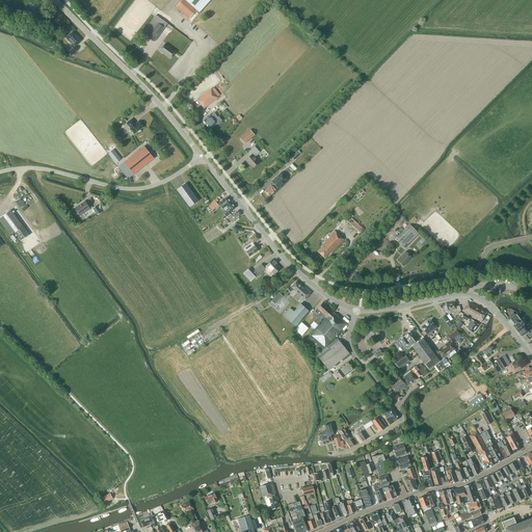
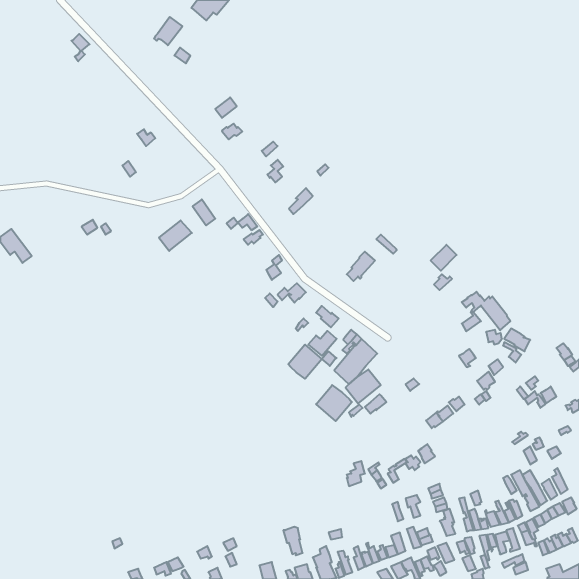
building: [124,147,154,175] -> [159,220,192,251]
building: none -> [288,345,322,379]
building: [394,334,438,370] -> [462,292,510,331]
building: none -> [316,385,352,421]

